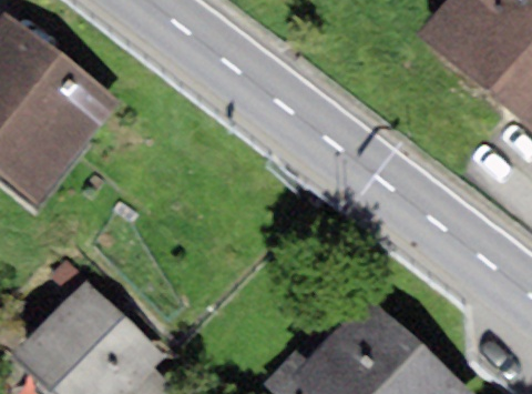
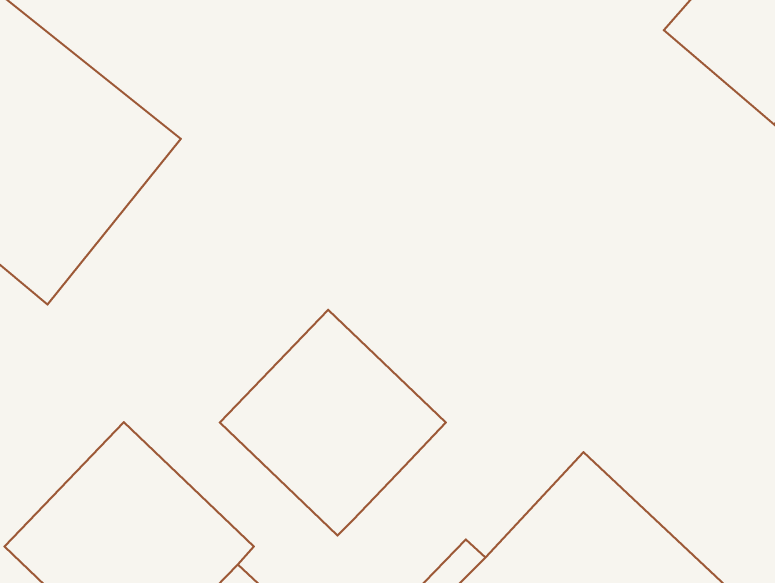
building: none -> [220,310,446,535]

